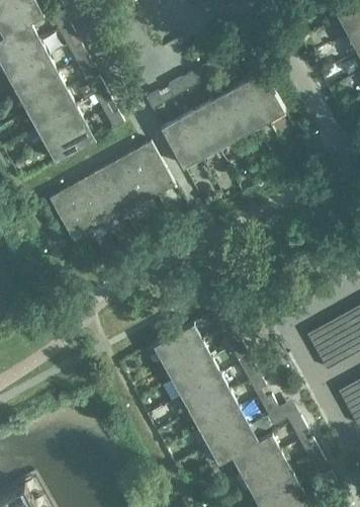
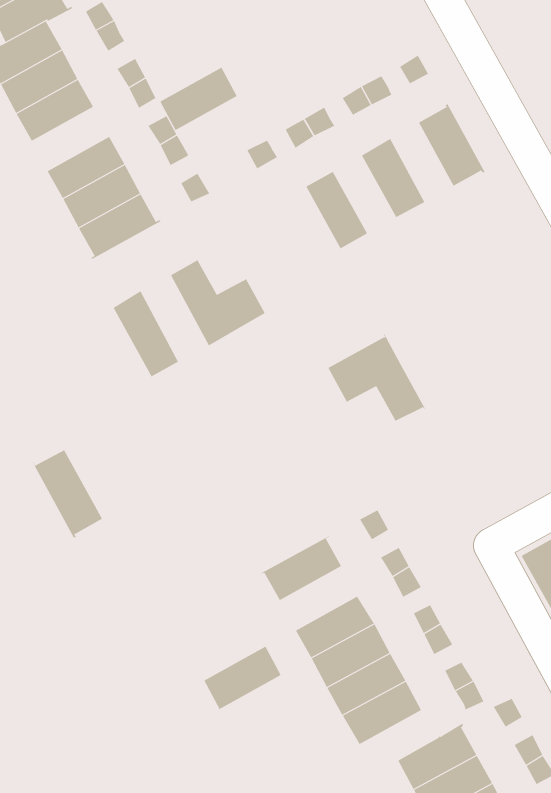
building: [19,74,65,111] -> [159,67,238,131]
building: [229,83,265,130] -> none
building: [195,102,232,148] -> none
building: [160,120,199,168] -> none
building: [116,143,174,194] -> [327,333,426,422]
building: [83,172,122,223] -> none
building: [48,191,89,243] -> [32,450,103,538]
building: [164,342,209,379] -> [203,646,281,710]
building: [210,426,256,464] -> none

